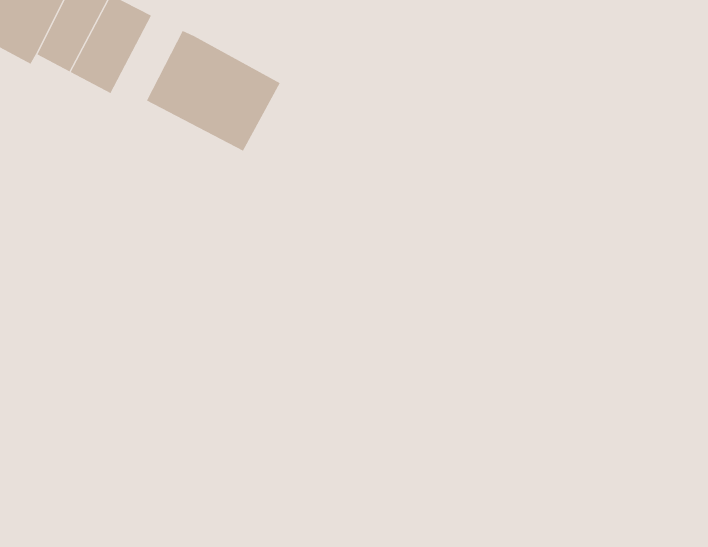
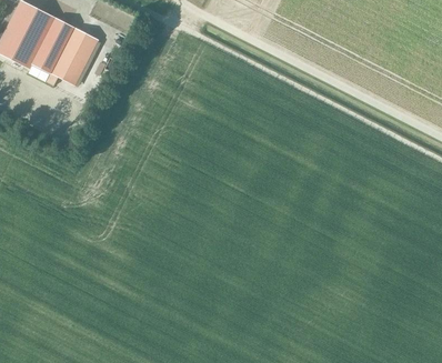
building: [146,30,281,152] -> none

